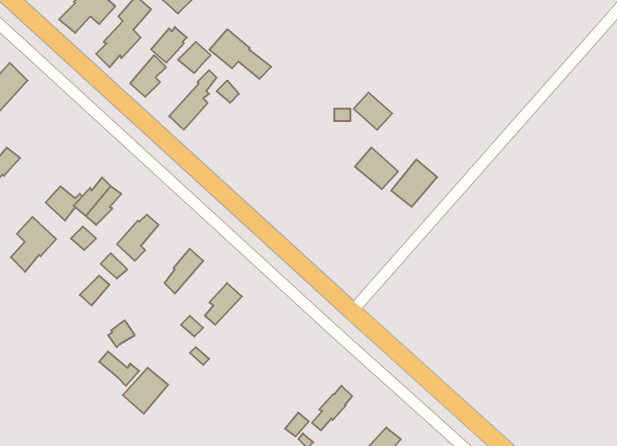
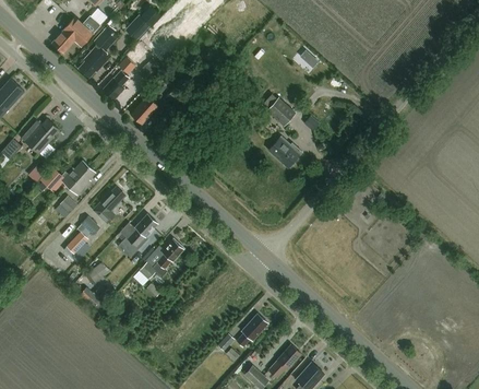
building: [209,29,271,79] -> none
building: none -> [23,118,60,153]
building: [391,159,437,207] -> none
building: [11,217,56,272] -> none
building: [123,368,168,414] -> none

